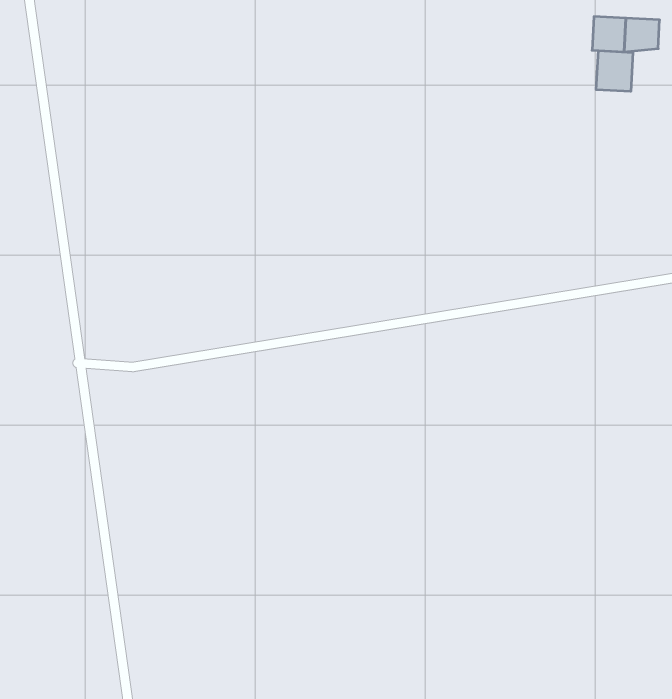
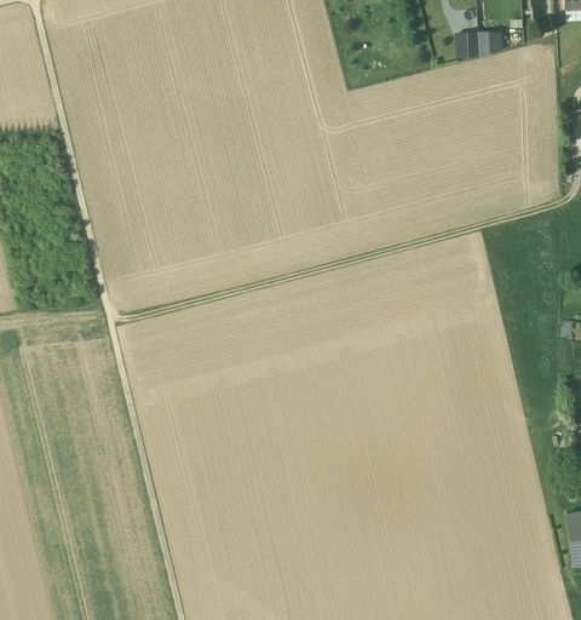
building: [596,51,633,91] -> none

